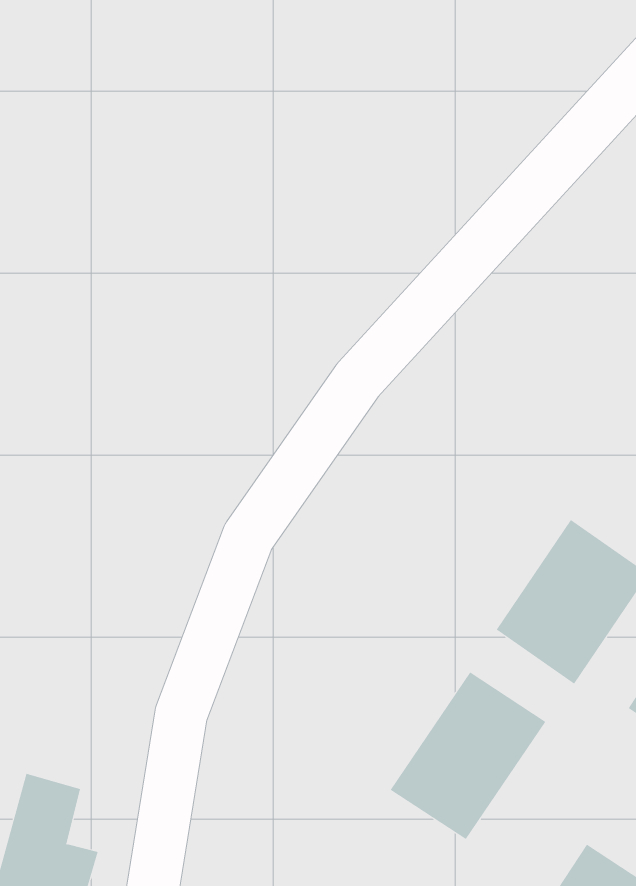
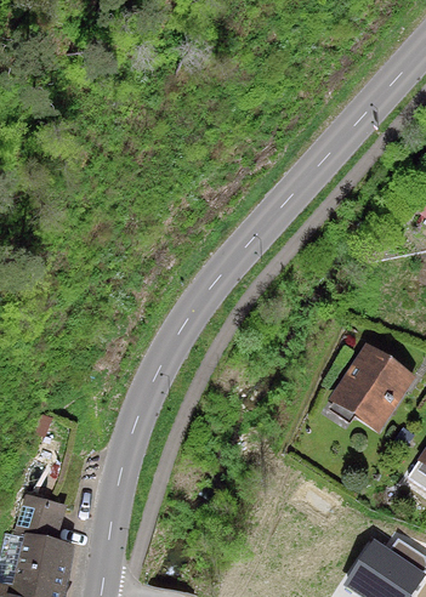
building: [390,672,546,840] -> none

